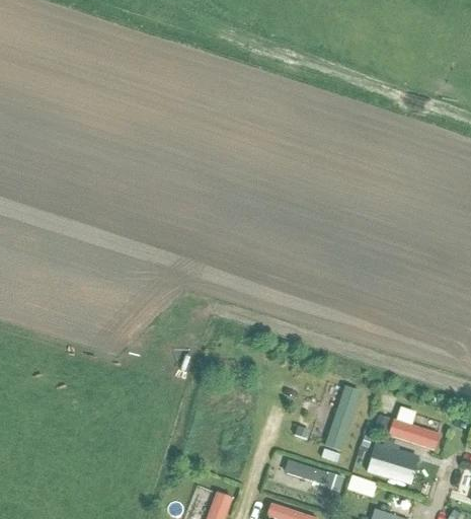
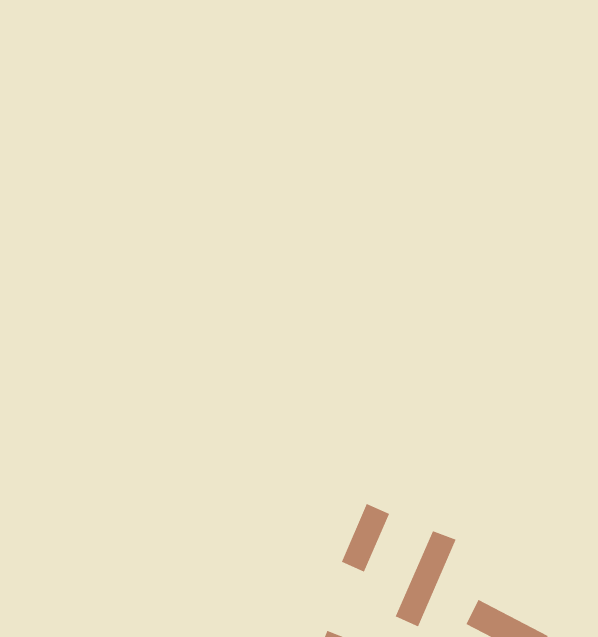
building: none -> [341,503,390,573]

